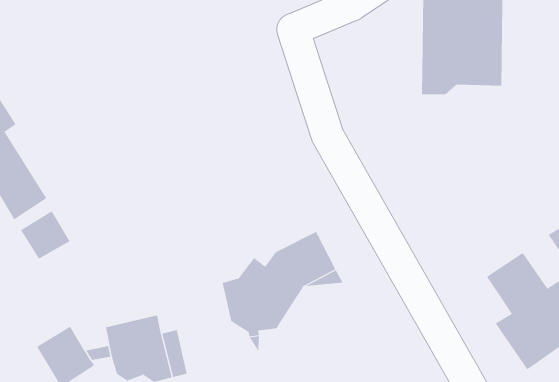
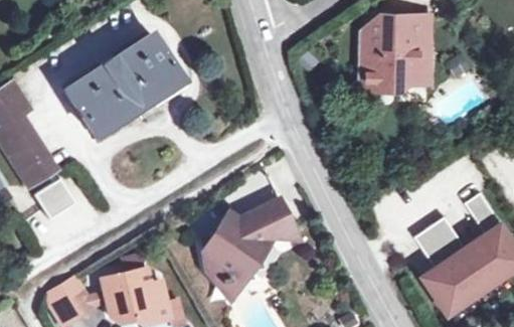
building: none -> [66,35,183,137]

